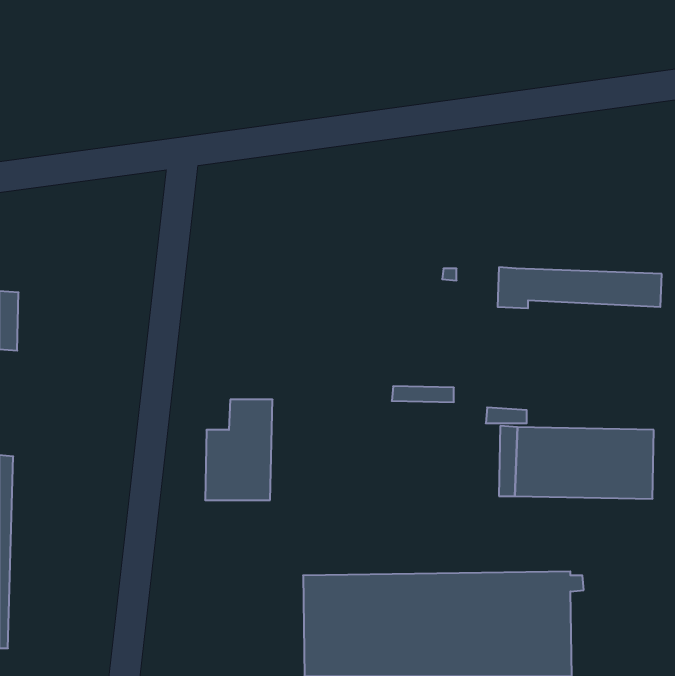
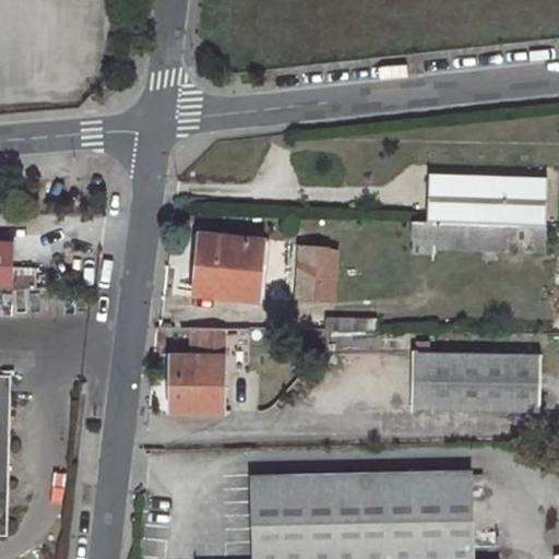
building: none -> [426,177,547,226]
building: none -> [296,221,355,301]
building: none -> [193,236,262,299]

